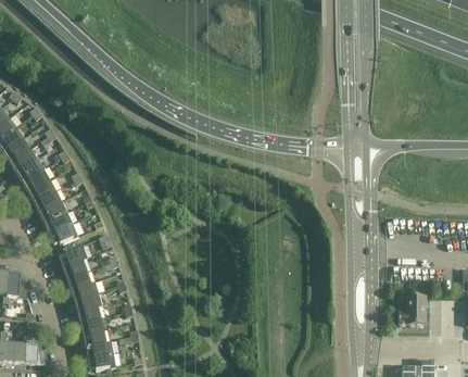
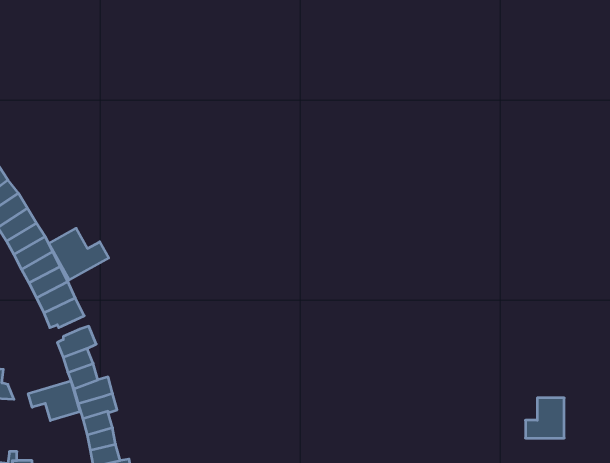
building: none -> [49,228,109,280]
building: none -> [28,381,80,421]

